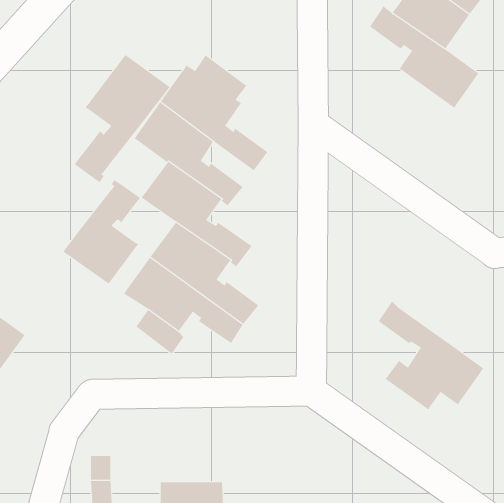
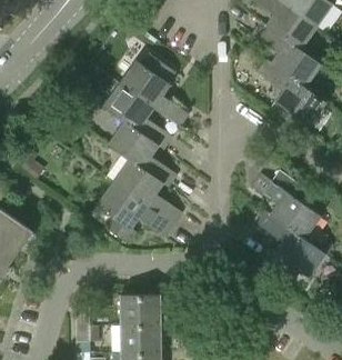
building: [74,55,171,183] -> none
building: none -> [256,59,326,127]
building: [62,179,141,284] -> none
building: none -> [252,173,321,239]
building: none -> [119,296,159,326]

